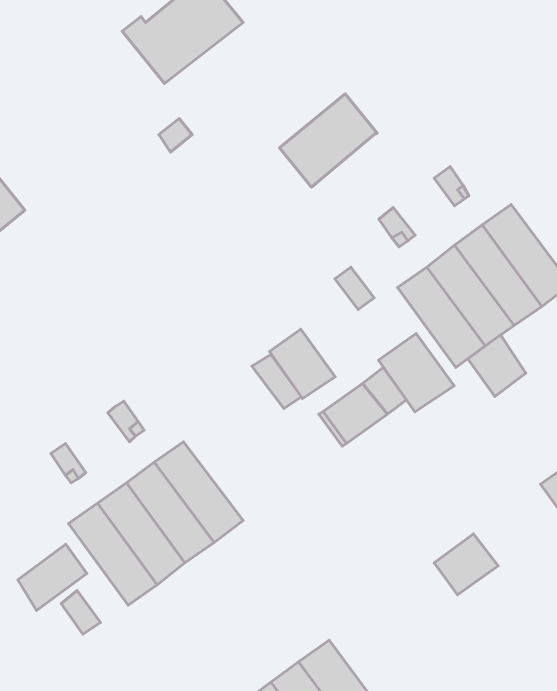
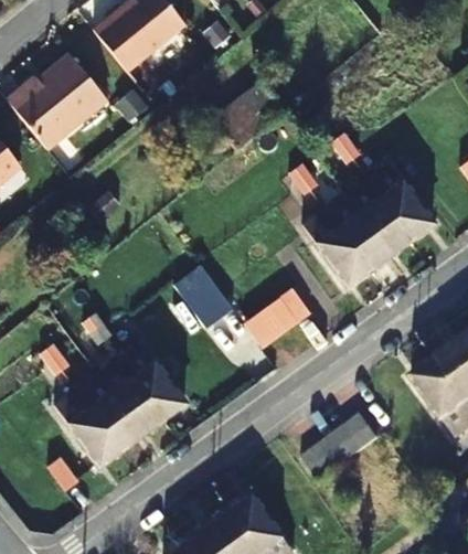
building: none -> [8,57,107,150]
building: [270,329,335,398] -> none
building: [379,333,454,412] -> none
building: [468,335,526,396] -> none
building: [18,544,87,610] -> none
building: none -> [302,435,348,481]

